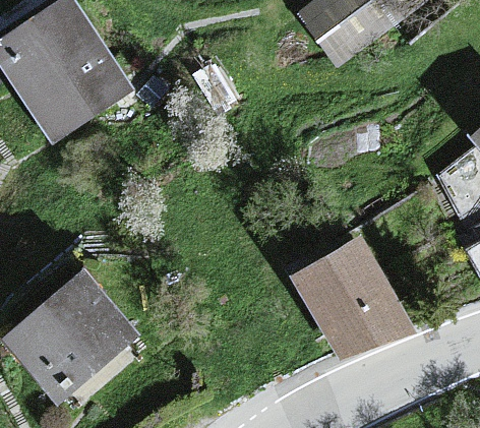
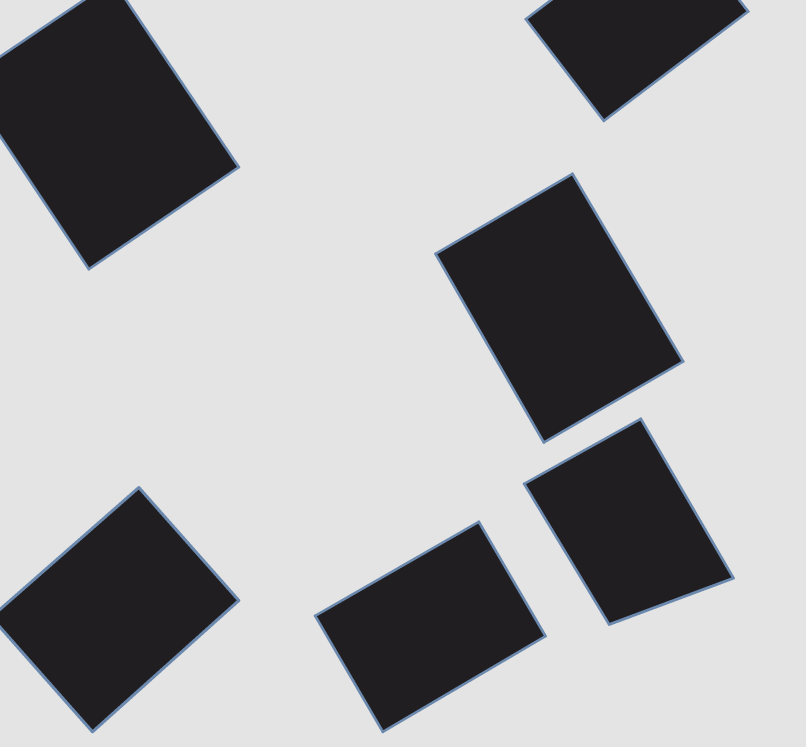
building: none -> [436,174,683,442]
building: none -> [315,522,545,732]

